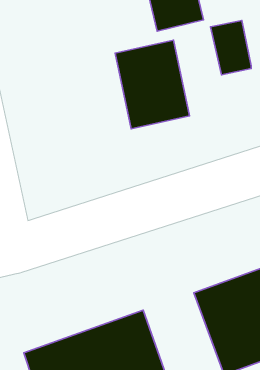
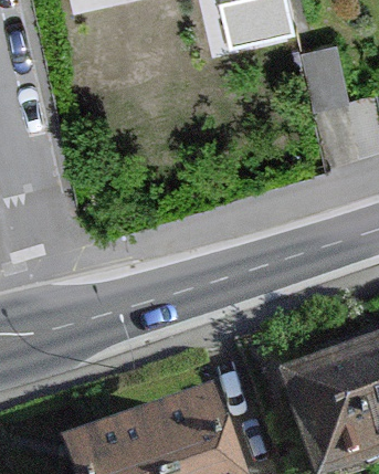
building: [115,40,190,129] -> none

